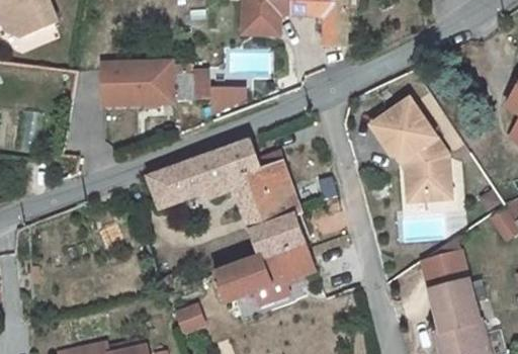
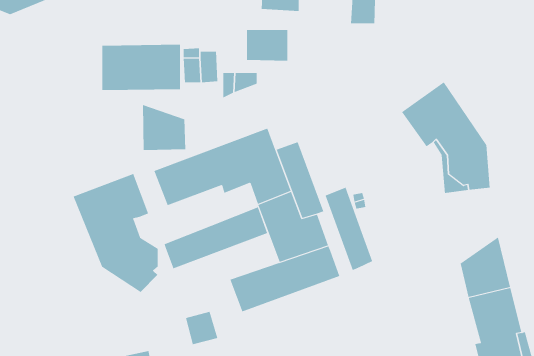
building: none -> [142,104,186,151]
building: none -> [73,173,158,293]
building: none -> [325,187,373,271]
building: none -> [164,207,268,269]

